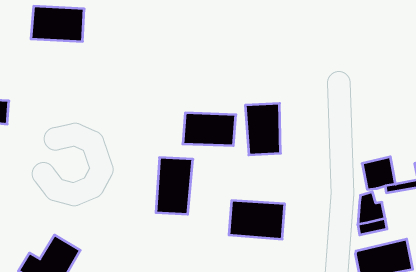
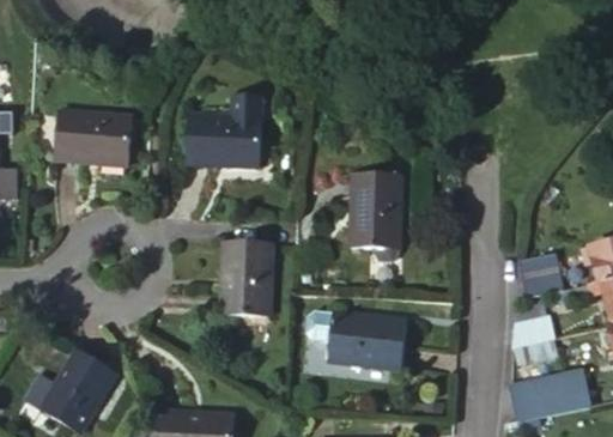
building: [31,6,84,41] -> [62,110,136,159]
building: [183,113,236,146] -> [181,116,255,162]

